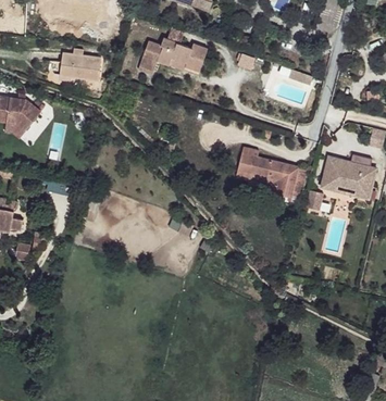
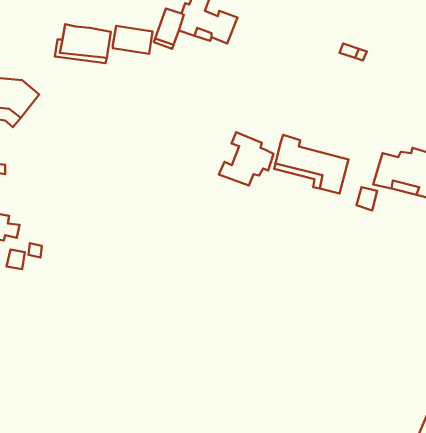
building: none -> [113,26,152,54]
building: none -> [219,132,274,186]

